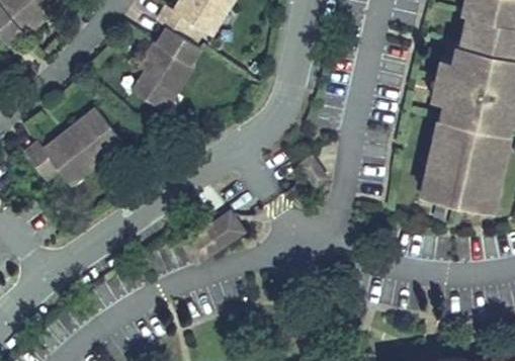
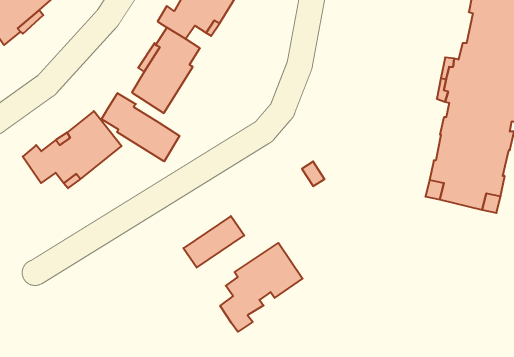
building: none -> [102,93,179,161]
building: none -> [220,243,303,332]

